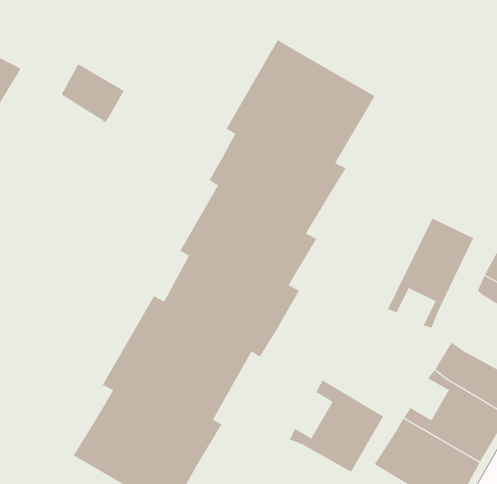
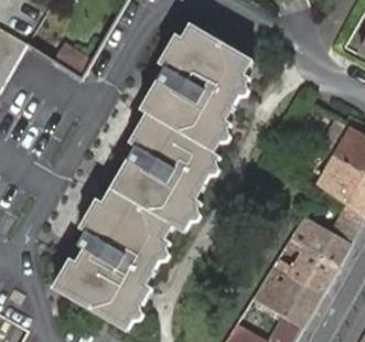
building: [387,218,474,328] -> none
building: [289,379,384,472] -> none

